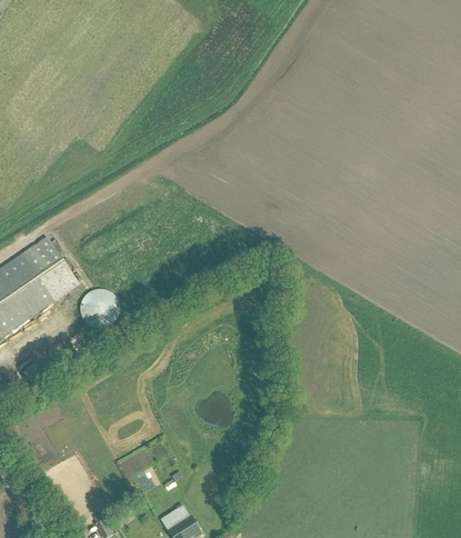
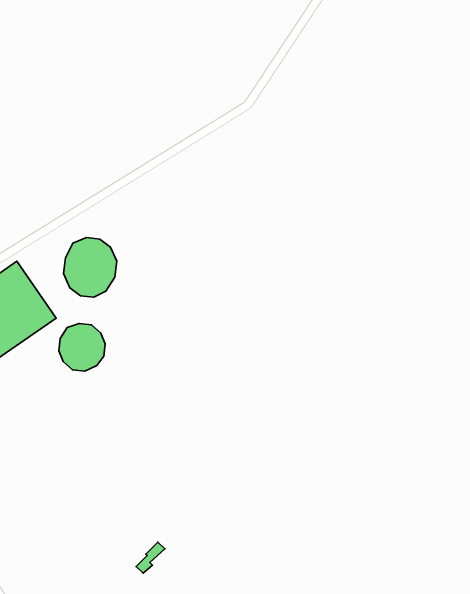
building: none -> [64,238,117,297]

